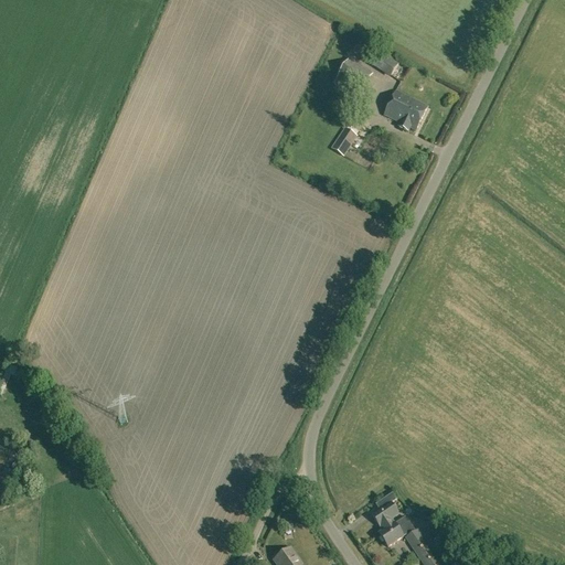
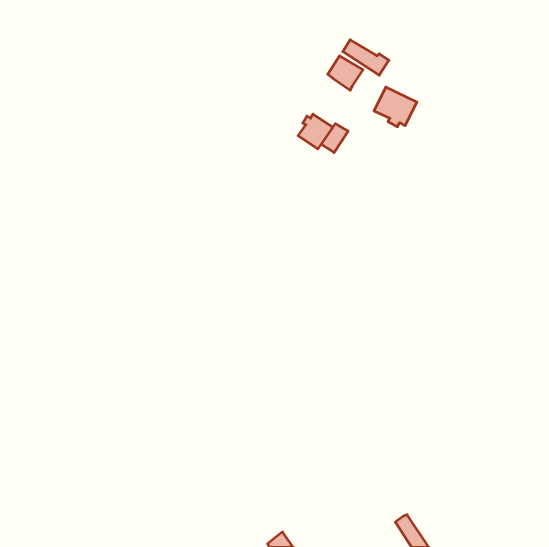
building: none -> [298,114,333,149]
building: [373,502,415,545] -> none

